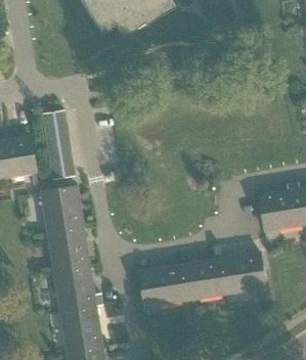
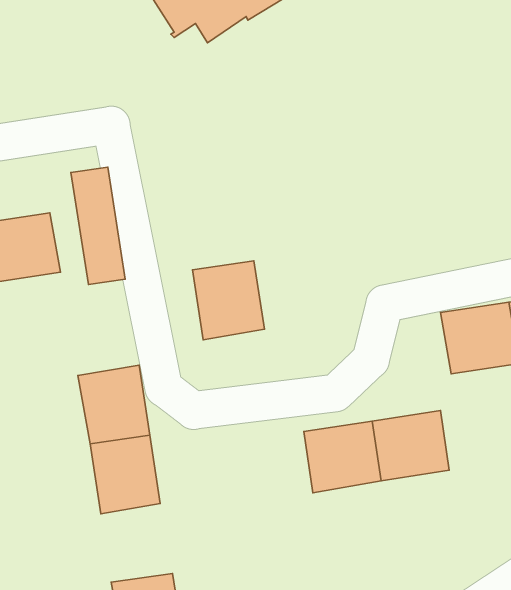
building: [41,186,83,232] -> [193,261,264,340]
building: [138,265,184,307] -> none
building: [60,307,102,353] -> none

